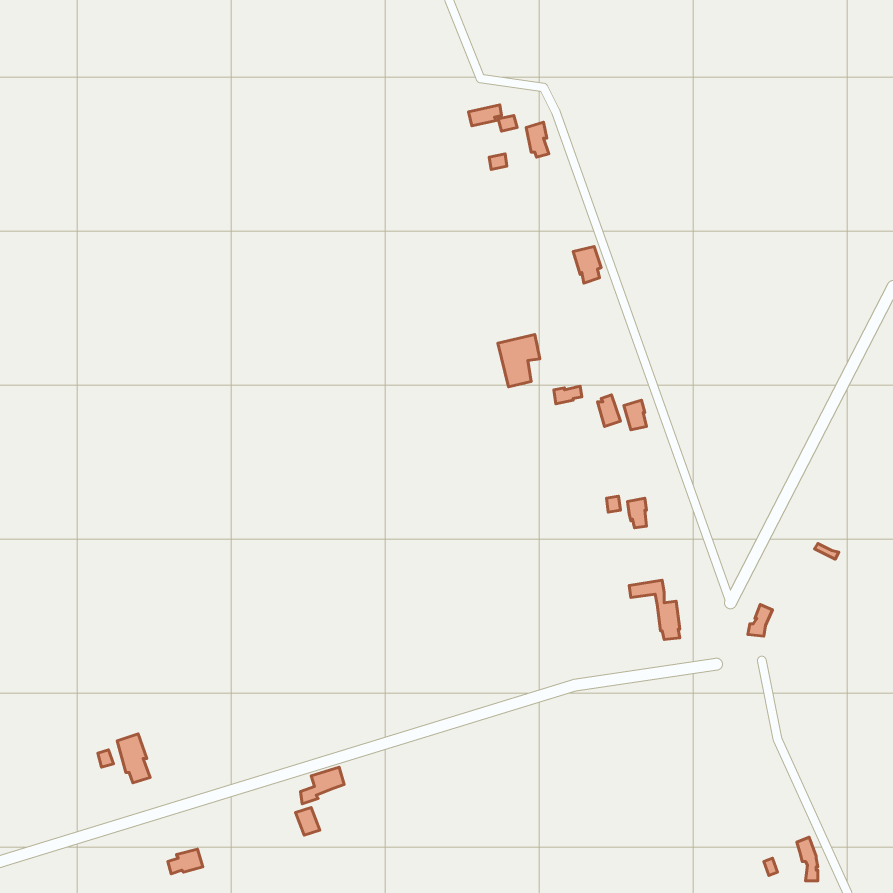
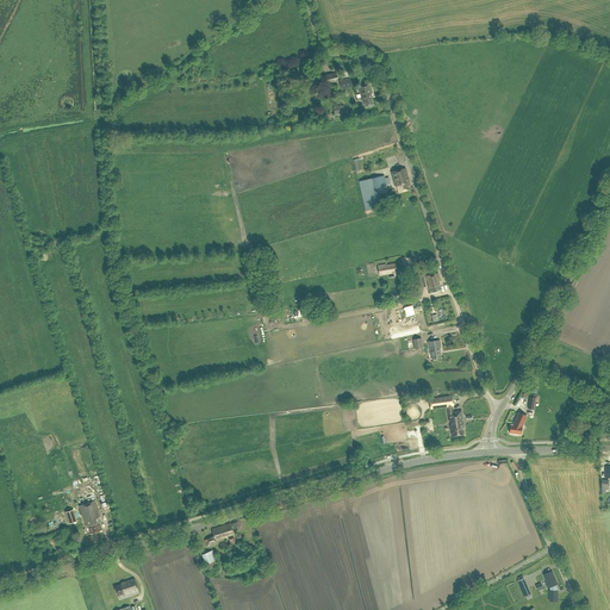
building: [498,334,540,387] -> [359,175,387,211]

